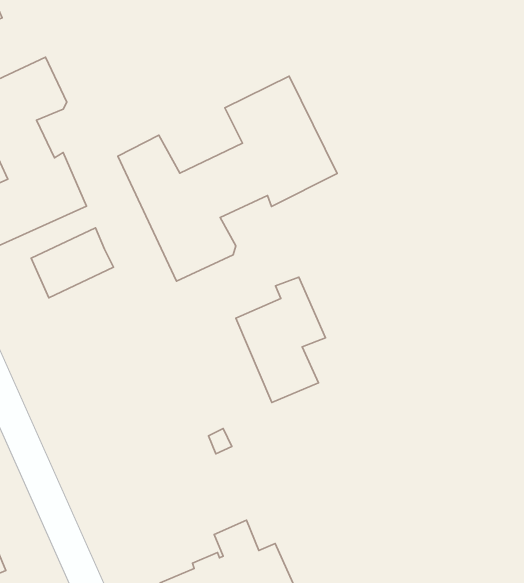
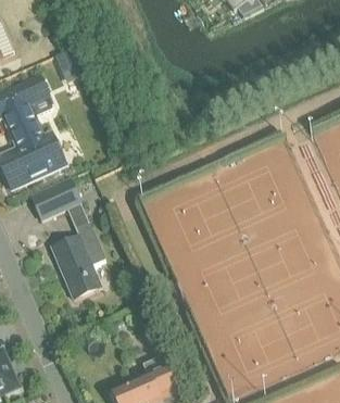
building: [118,76,337,281] -> none
building: [236,277,326,403] -> [51,221,105,297]

